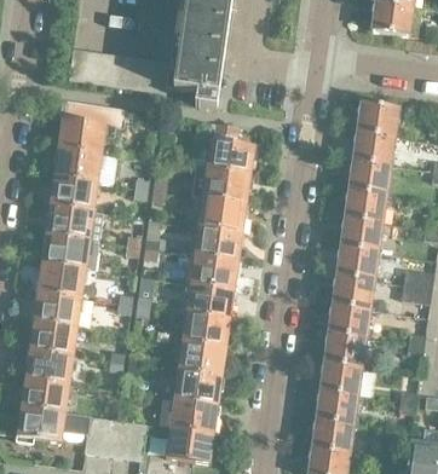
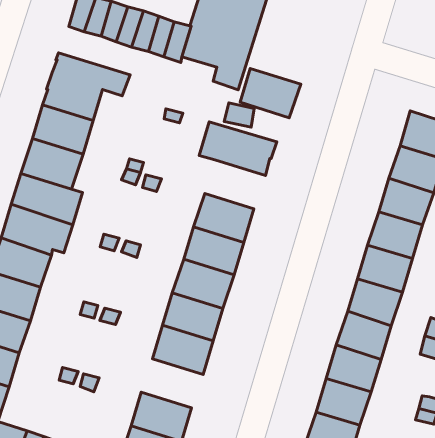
building: [203,168,250,203] -> [240,69,301,118]
building: [178,340,226,375] -> none

